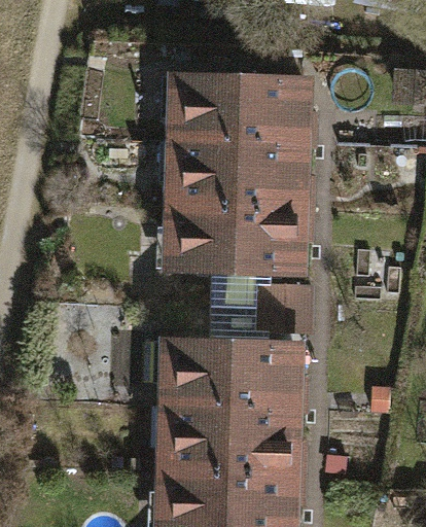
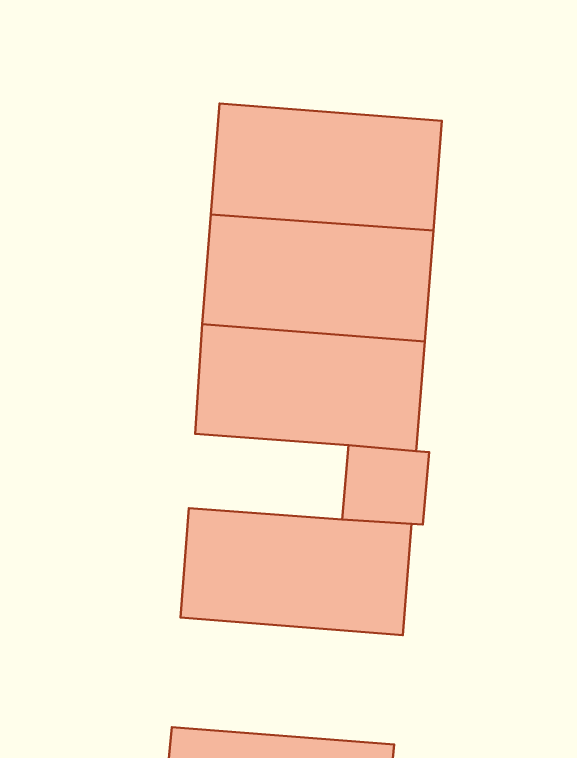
building: [161,409,304,481] -> none

